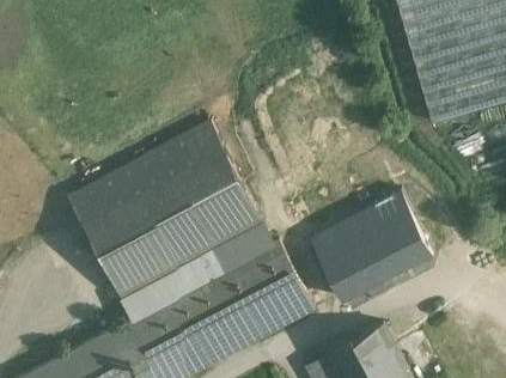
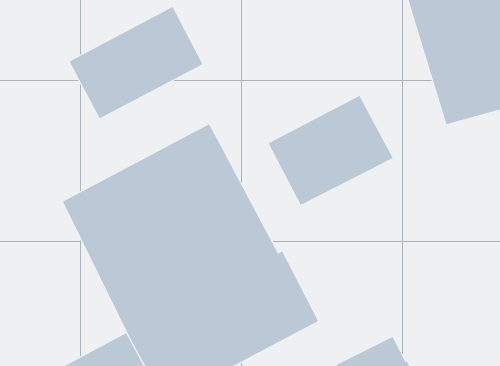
building: none -> [69,6,203,119]
building: [312,194,432,299] -> [268,95,394,206]

